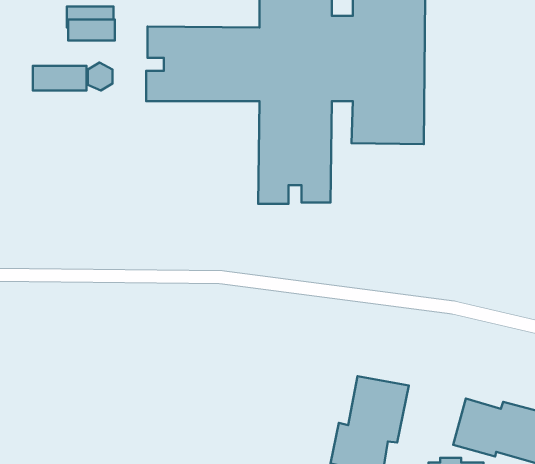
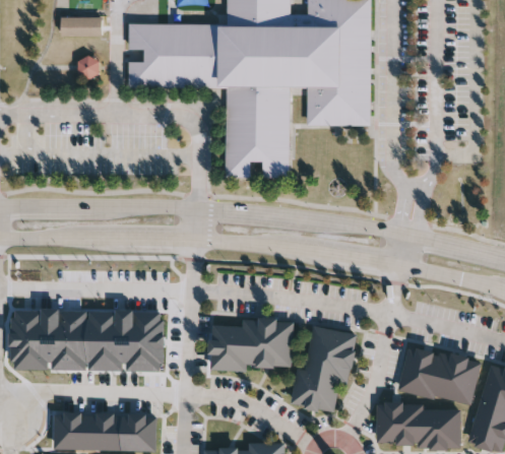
building: [33,66,87,91] -> none
building: none -> [11,308,164,372]
building: none -> [210,320,295,374]

